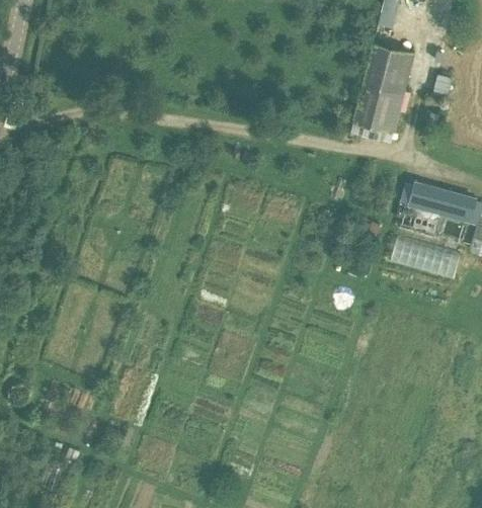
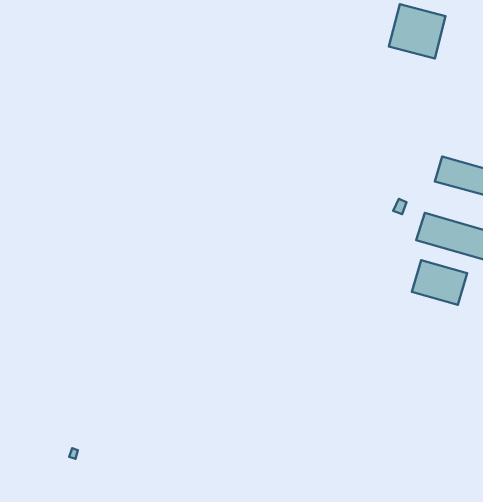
building: [354,81,407,132] -> none
building: none -> [412,260,467,305]

